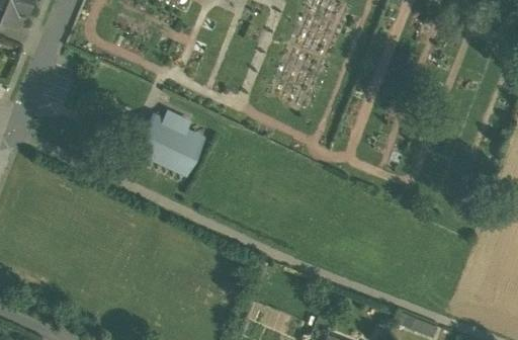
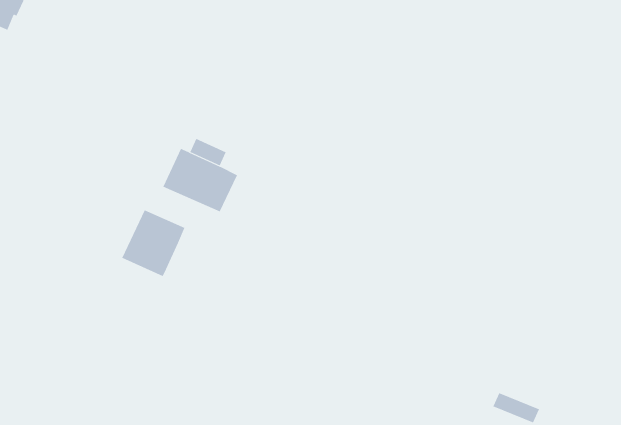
building: none -> [121,210,185,277]

